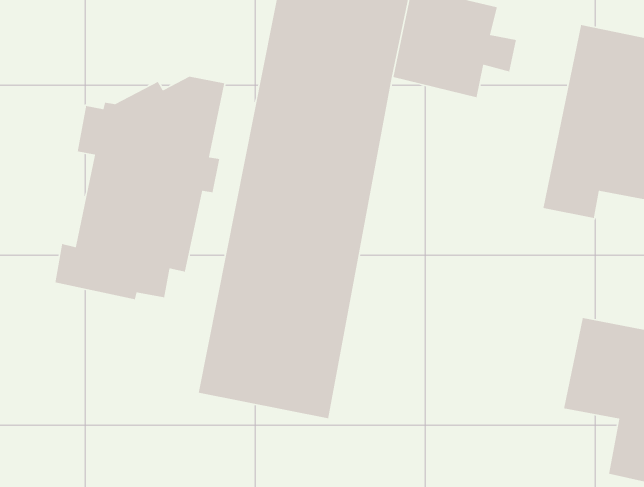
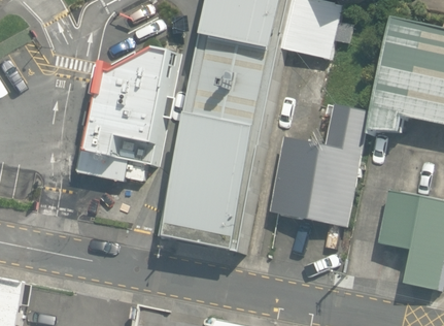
building: none -> [267,103,367,228]

